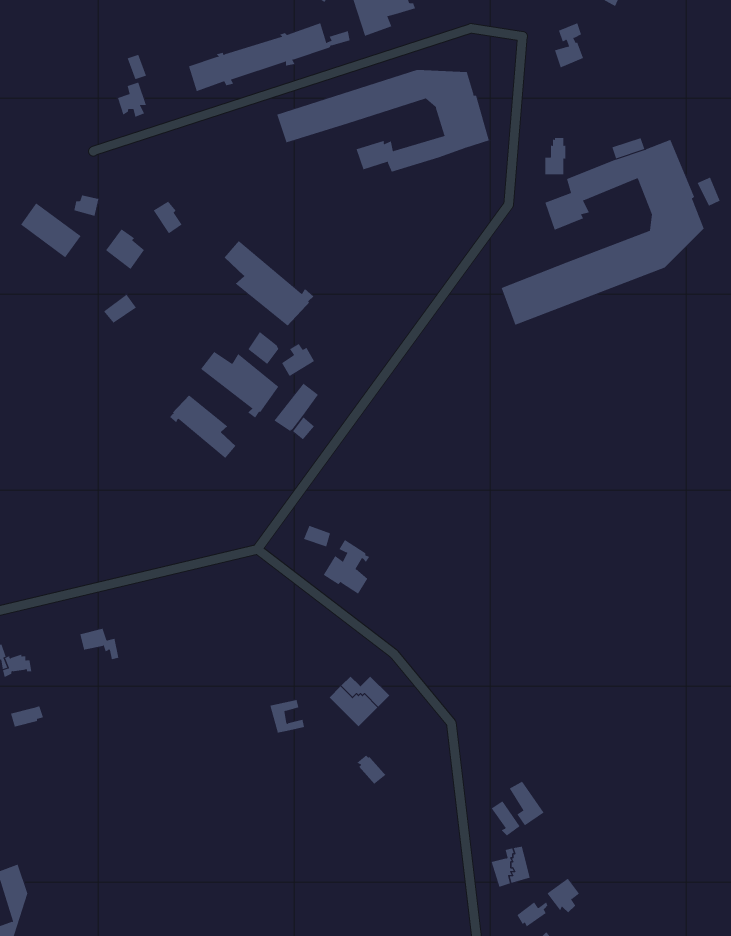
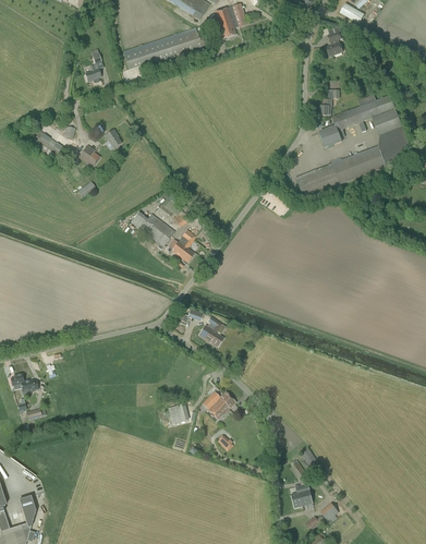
building: [276,69,490,172] -> none
building: [224,240,314,327] -> none
building: [169,395,236,459] -> none

